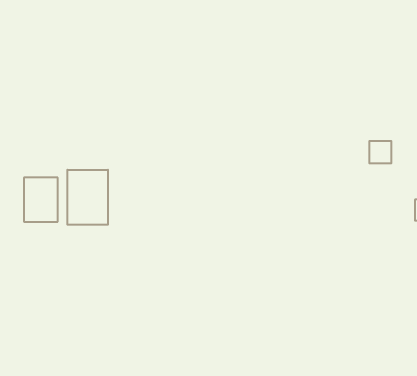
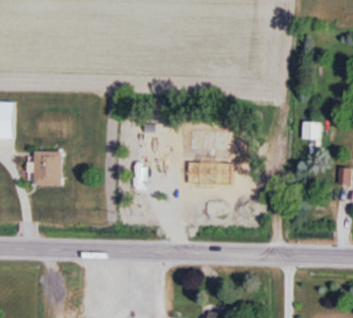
building: [67,170,108,225] -> none

